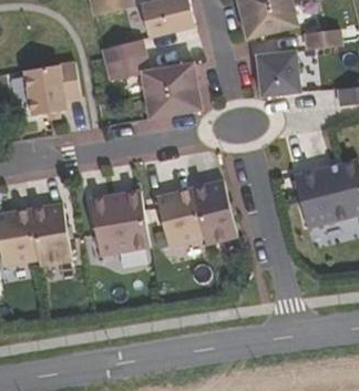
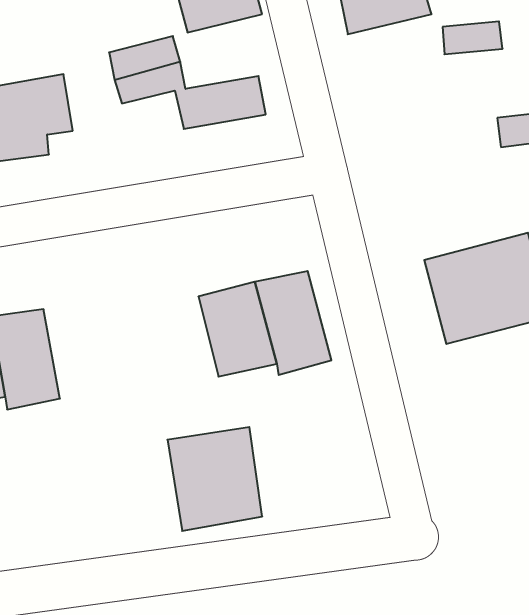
building: [257,51,300,96] -> none
building: [147,86,201,119] -> none
building: [91,192,148,255] -> [167,427,262,531]

